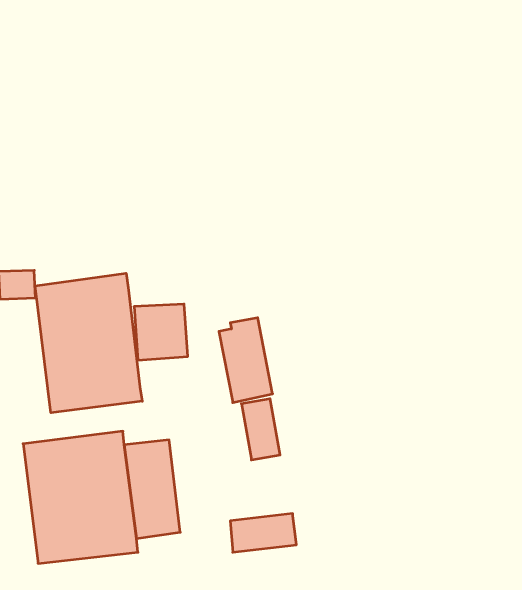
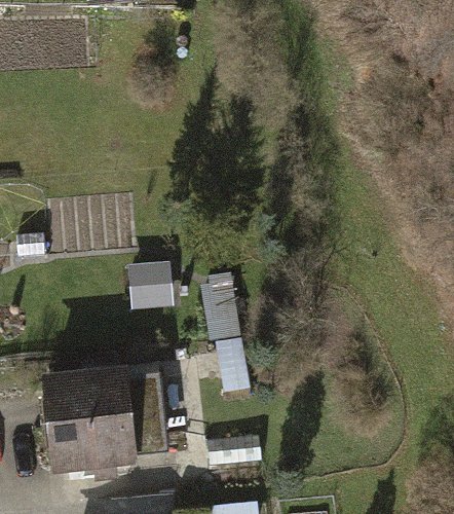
building: [35,273,142,413] -> none

